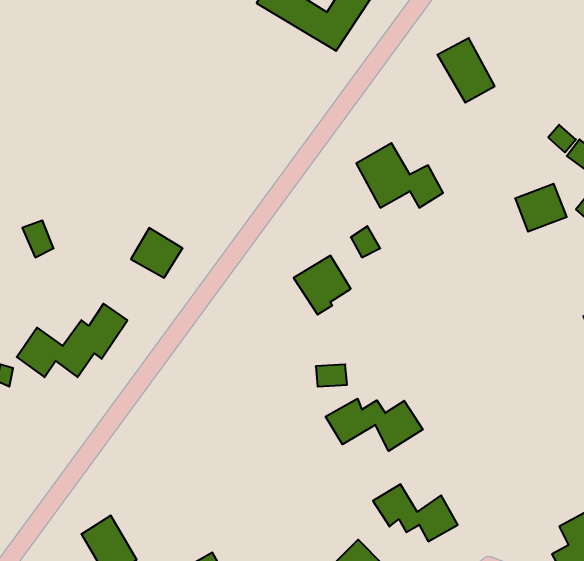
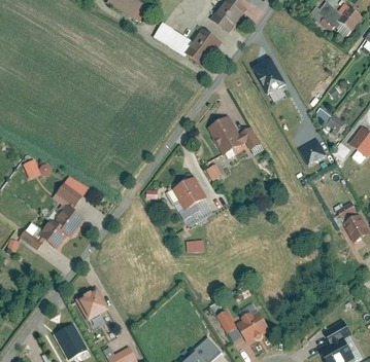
building: [131,228,183,278] -> [51,177,79,205]
building: [326,399,423,451] -> none
building: none -> [72,289,103,319]

